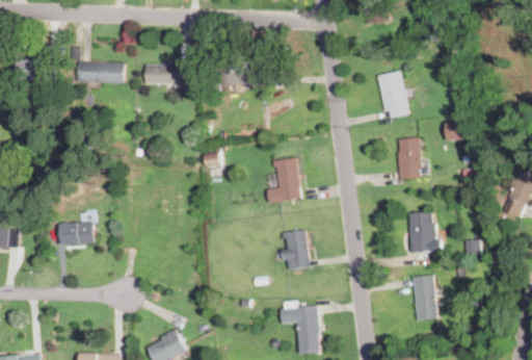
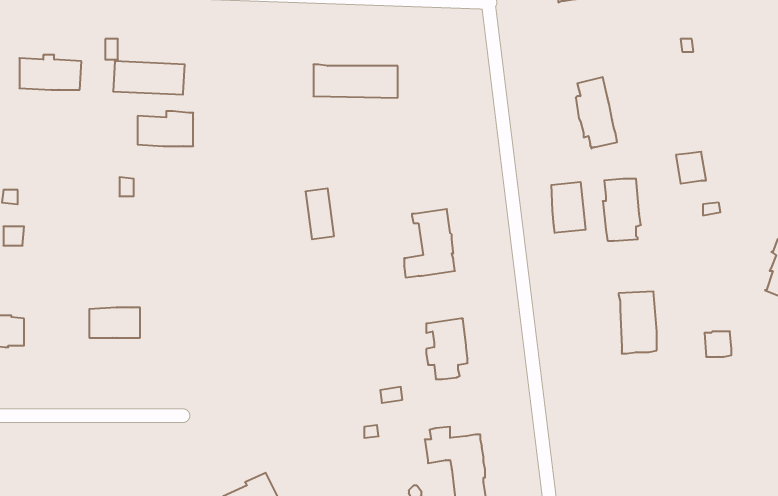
building: [144,60,181,83] -> [138,111,193,146]
building: none -> [551,182,586,233]
building: [413,273,438,320] -> none

